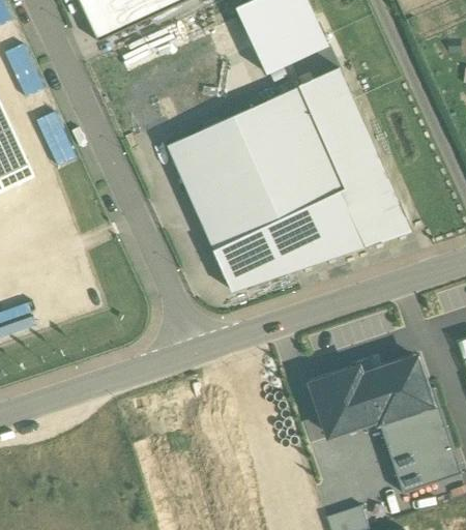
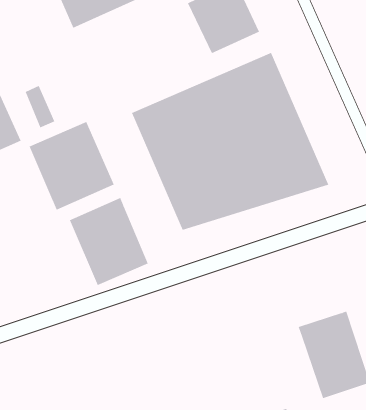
building: none -> [29,121,115,211]
building: none -> [69,197,148,286]
building: [312,357,426,434] -> none

